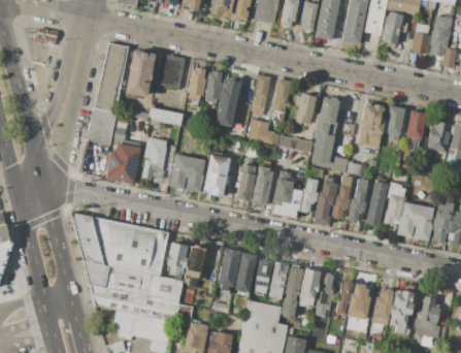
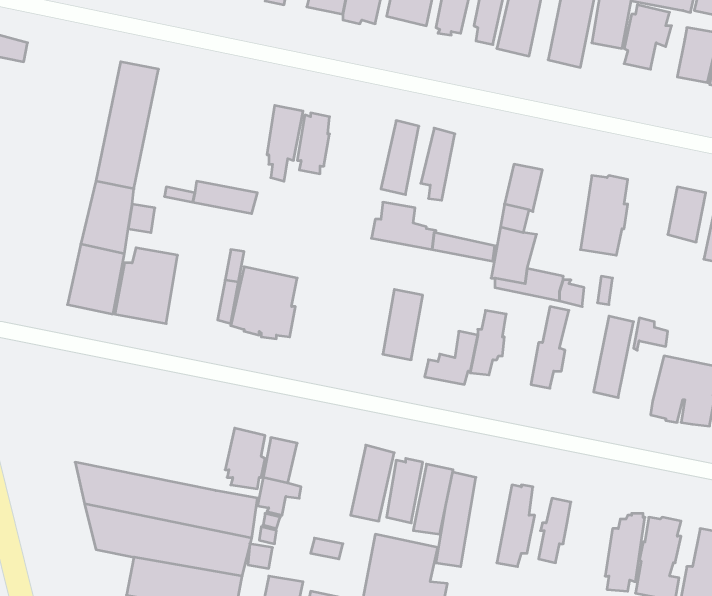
building: [125,49,156,98] -> none
building: [156,54,184,88] -> none
building: [217,79,240,125] -> none
building: [293,92,317,124] -> none
building: [385,105,404,141] -> none
building: [140,136,168,179] -> none
building: [203,154,230,196] -> none
building: [235,165,256,200] -> none
building: [273,170,295,203] -> none
building: [314,178,337,224] -> none
building: [348,179,368,223] -> none
building: [384,194,405,227] -> none
building: [73,213,170,276] -> none
building: [218,248,240,295] -> none
building: [298,268,321,307] -> none
building: [348,283,370,322] -> none

